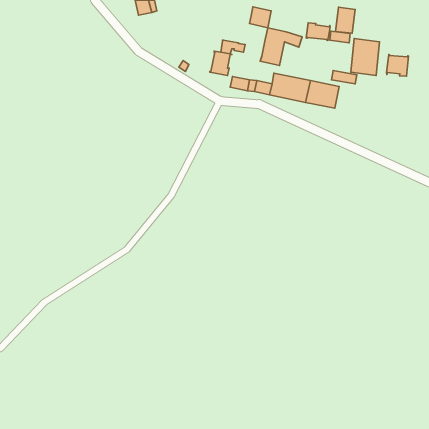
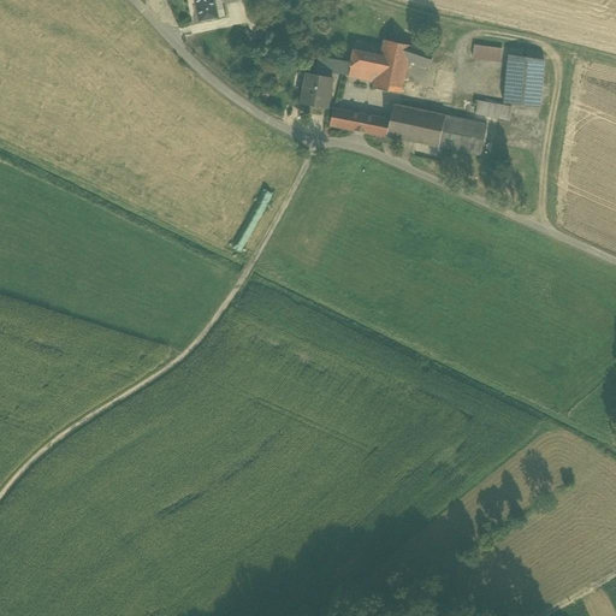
building: [249,7,271,28] -> [349,51,380,81]
building: [335,7,355,33] -> none
building: [306,23,330,40] -> none
building: [387,54,408,76] -> none

